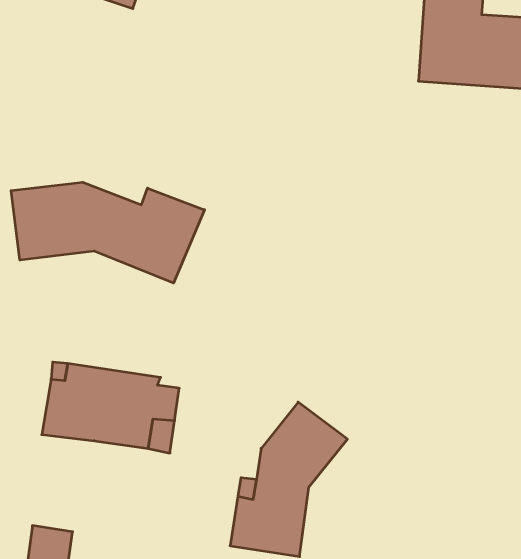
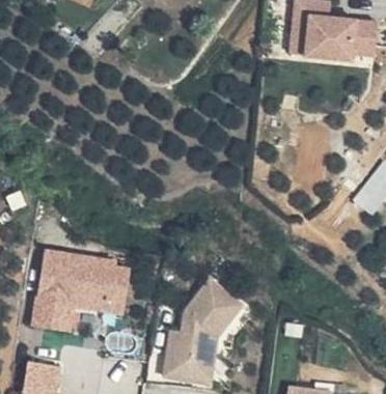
building: [11,182,205,283] -> none
building: none -> [33,300,72,328]

